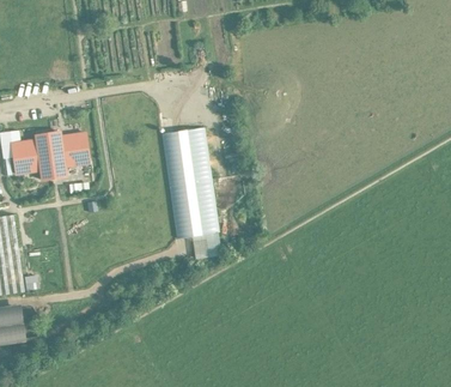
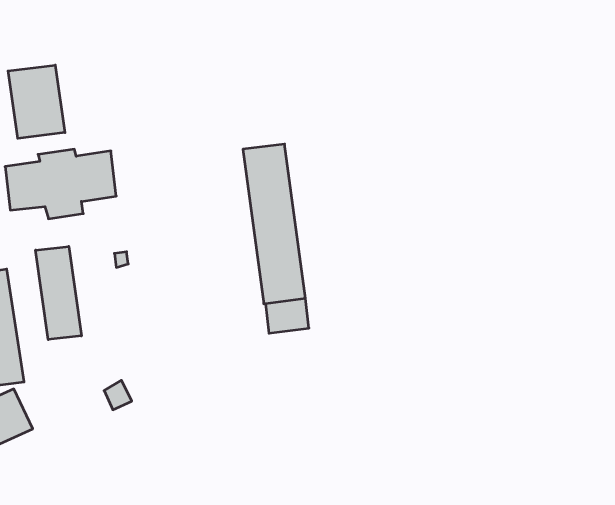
building: none -> [8,65,65,138]
building: none -> [36,246,81,340]

